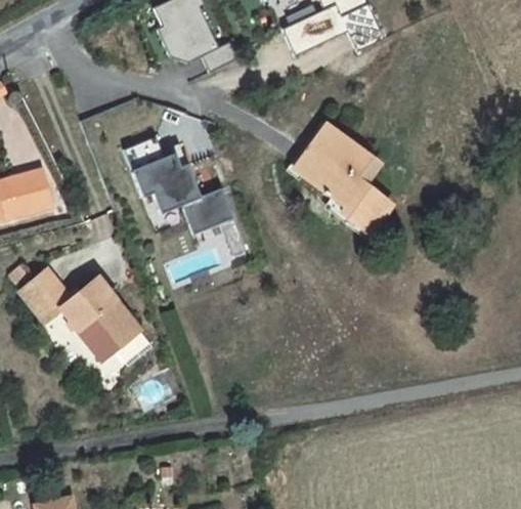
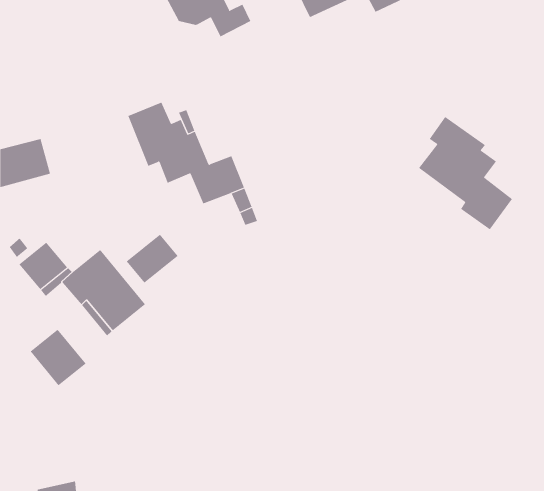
building: [301,124,391,232] -> [418,116,513,230]
building: none -> [126,234,178,284]
building: none -> [30,329,87,386]

